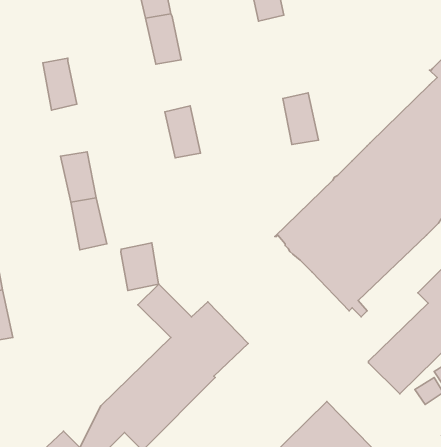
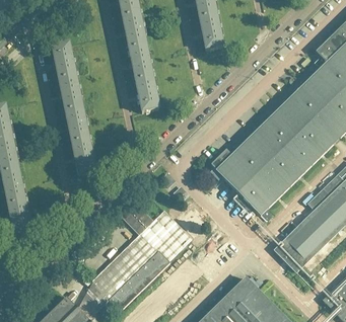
building: none -> [129,44,152,79]
building: [283,93,319,145] -> [199,13,223,49]
building: none -> [58,74,82,109]
building: [121,243,159,291] -> none

